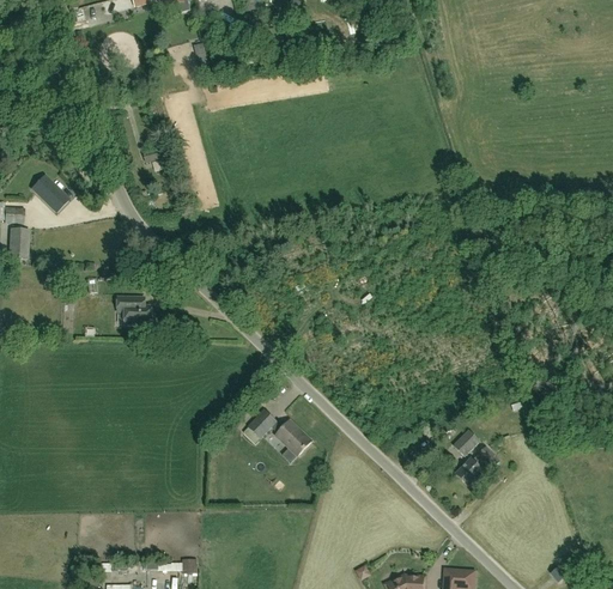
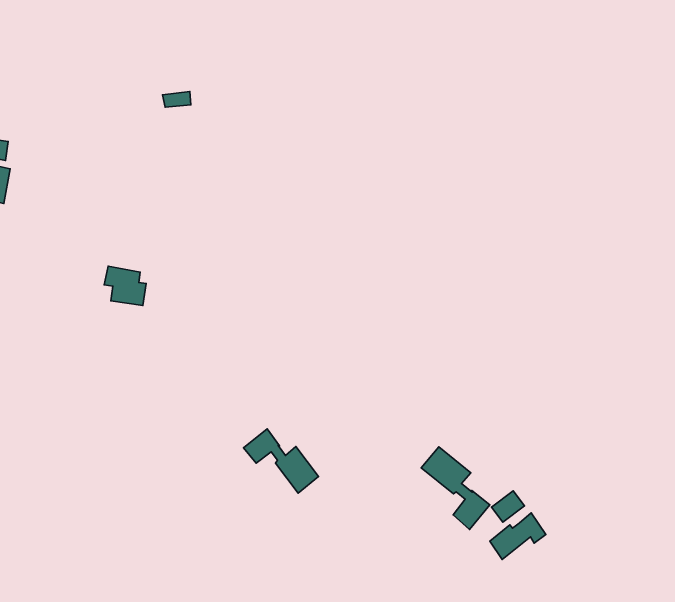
building: [30,175,66,210] -> none
building: none -> [421,447,490,530]

